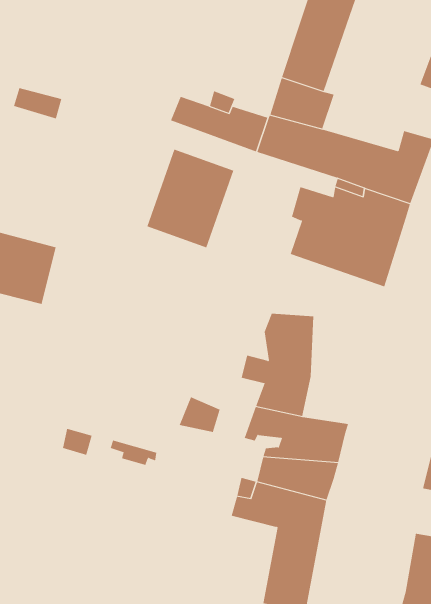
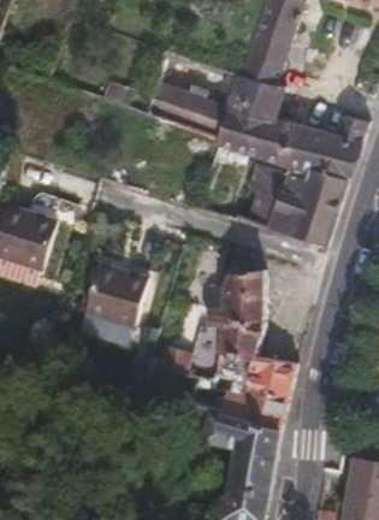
building: [146,149,234,248] -> [78,260,152,343]

